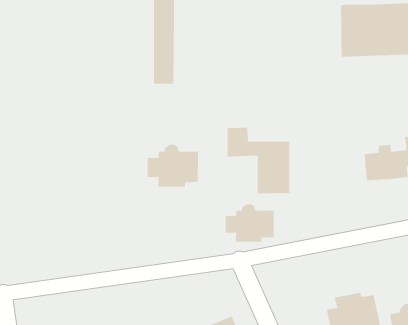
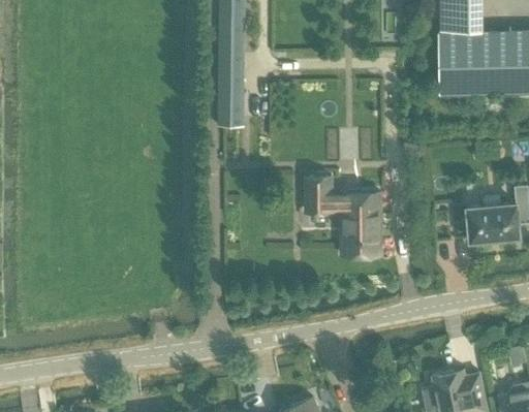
building: [147,144,199,188] -> none
building: [225,203,275,242] -> none

